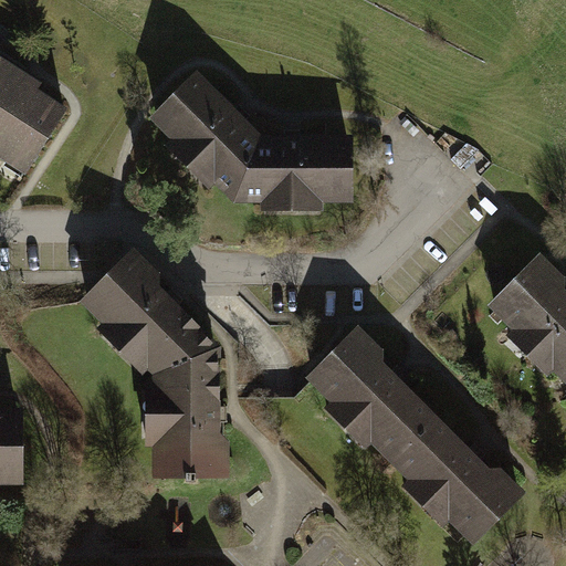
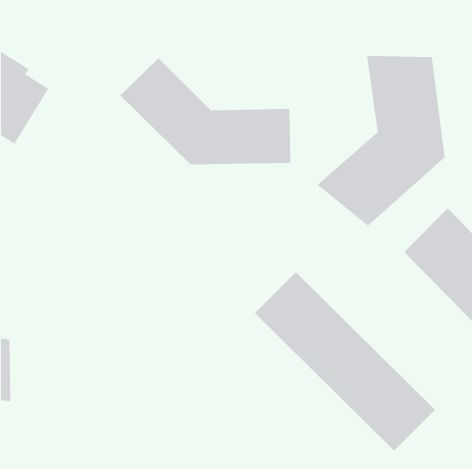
building: none -> [316,55,445,226]
building: [72,253,226,478] -> none

